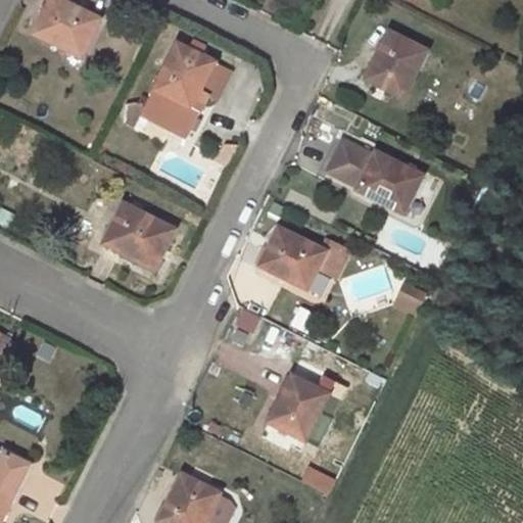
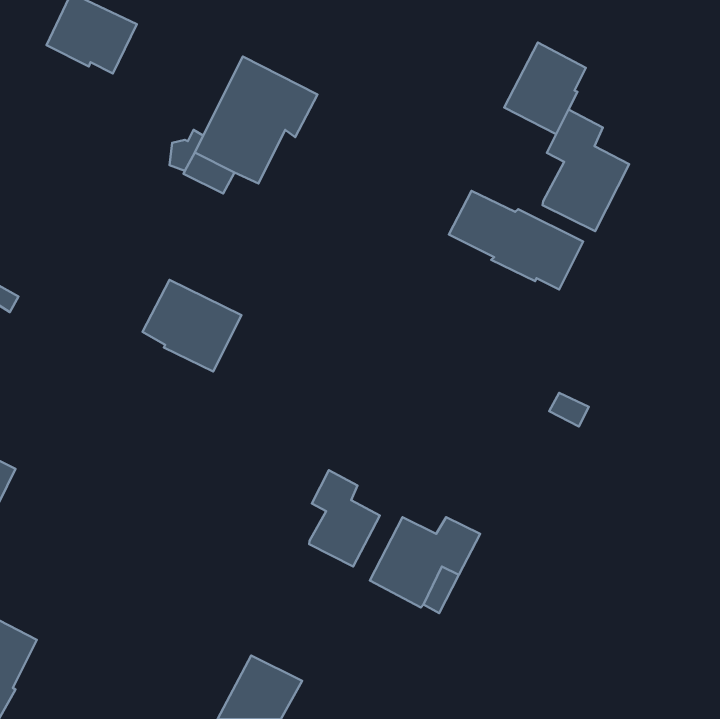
building: none -> [542,110,629,231]
building: [259,227,347,285] -> none
building: none -> [309,470,380,566]

